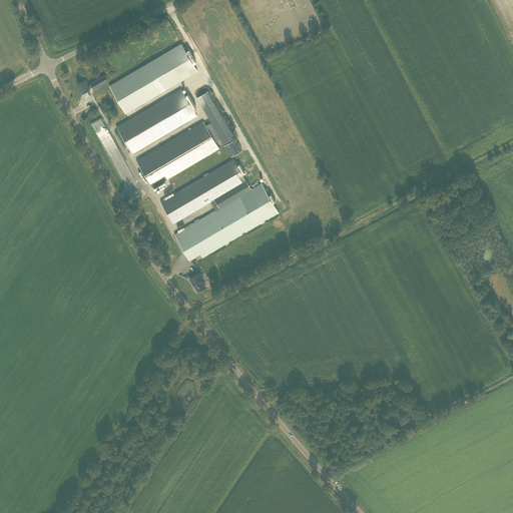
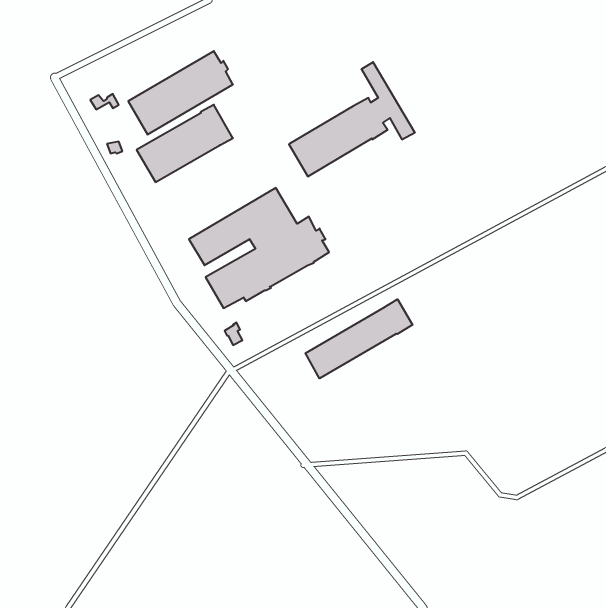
building: [135,91,241,187] -> [289,62,415,176]
building: none -> [305,299,412,378]

